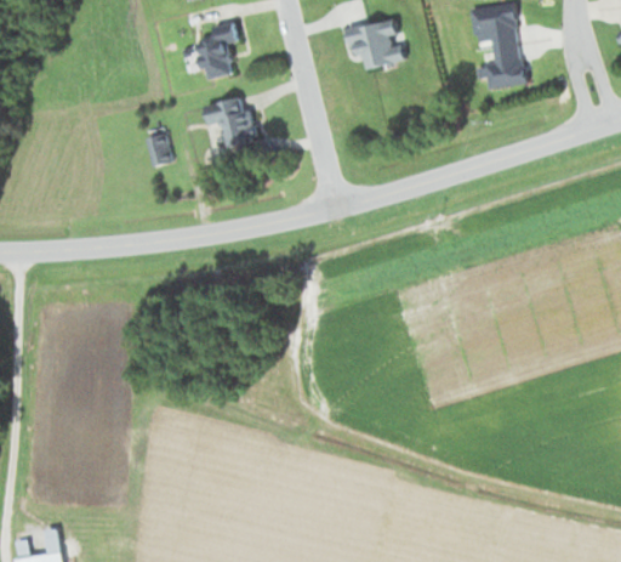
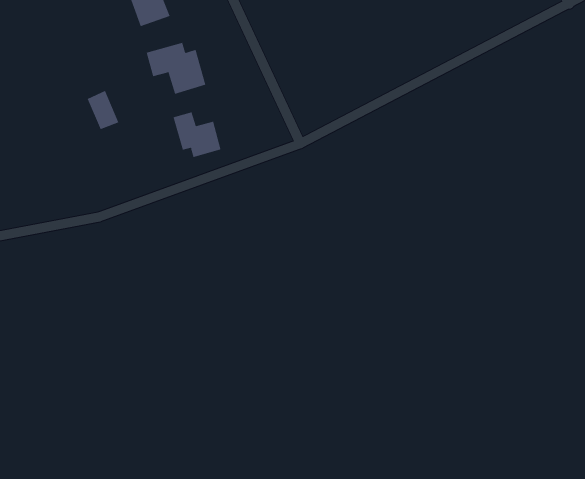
building: none -> [173,112,221,158]

